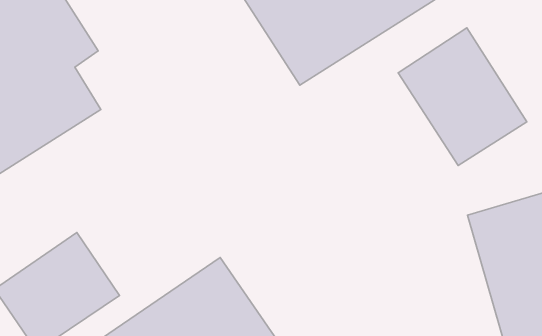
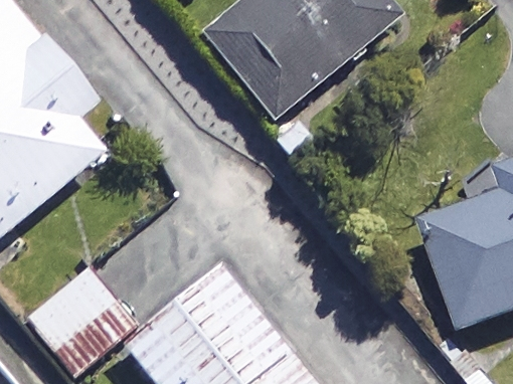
building: [398,28,527,165] -> none

